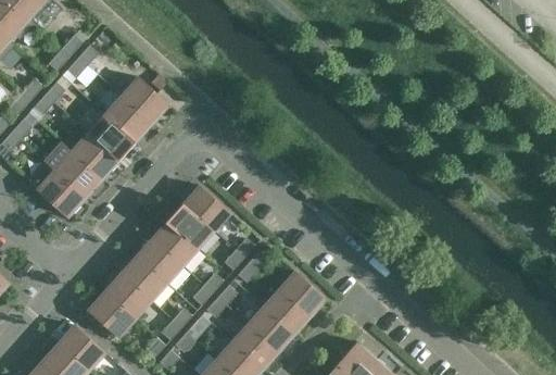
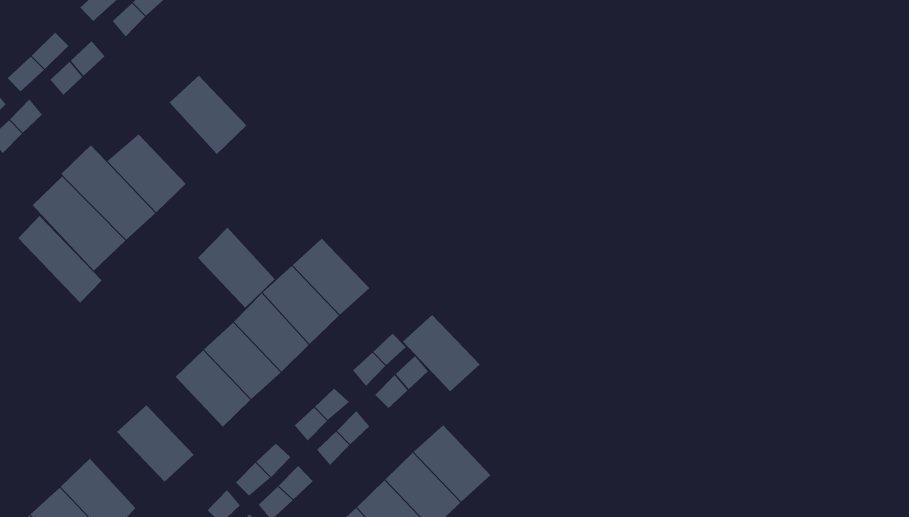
building: [119,77,167,124] -> none
building: [87,114,134,161] -> [197,227,276,308]
building: none -> [17,215,102,304]
building: [278,272,325,316] -> [402,314,480,392]
building: [104,274,150,318] -> none

